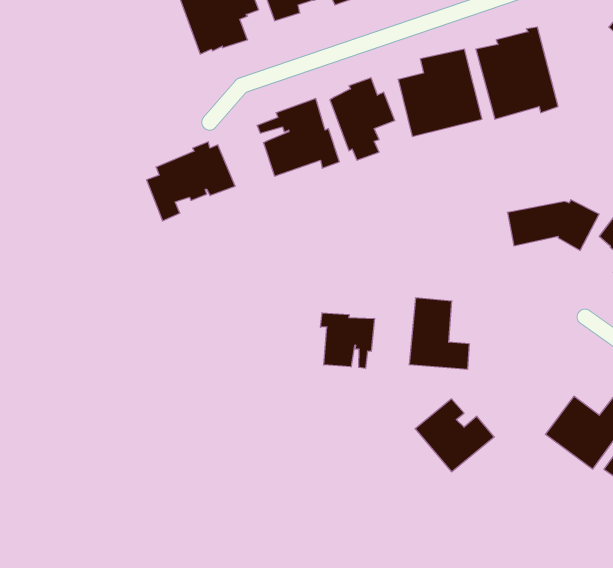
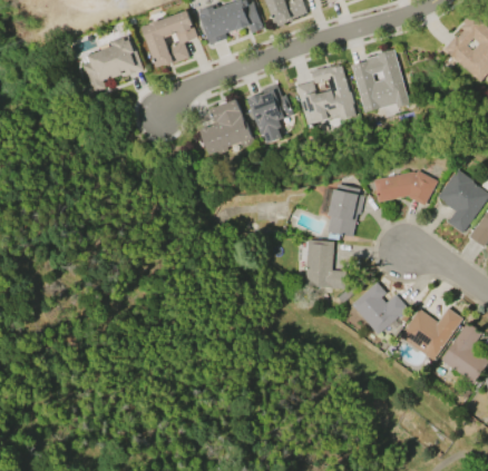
building: [147,142,235,221] -> [81,38,144,94]
building: none -> [328,184,364,237]
building: [321,313,374,368] -> none
building: [415,399,494,472] -> [352,283,408,334]

